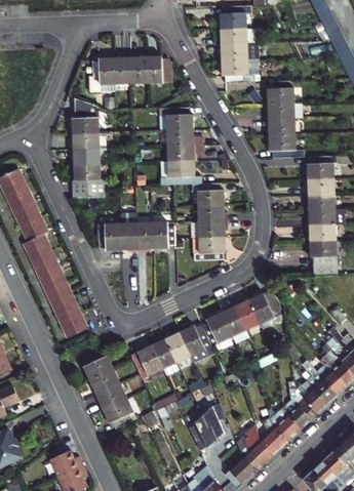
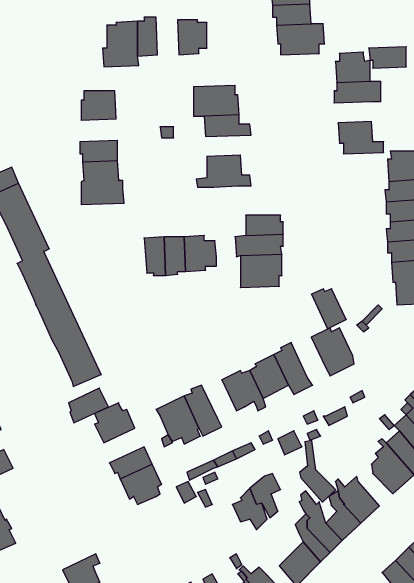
building: [129,54,147,83] -> none
building: [266,119,294,135] -> [369,47,406,68]
building: [70,132,105,150] -> none
building: [167,145,202,161] -> none
building: [192,182,225,206] -> none
building: [97,223,122,250] -> none
building: [233,299,260,330] -> [311,289,346,329]
building: [164,332,191,362] -> none
building: [89,369,120,396] -> [69,388,109,423]
building: [283,381,311,428] -> [300,440,336,502]
building: [49,450,83,478] -> none

